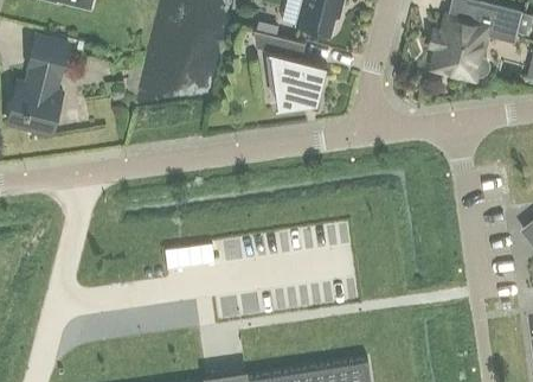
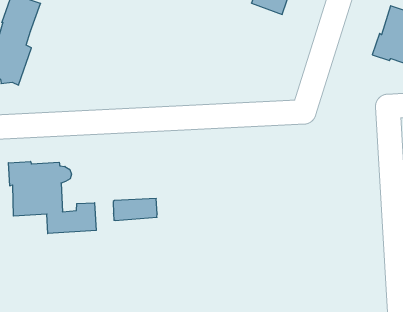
building: [257,31,327,107] -> none
building: none -> [8,161,96,234]

